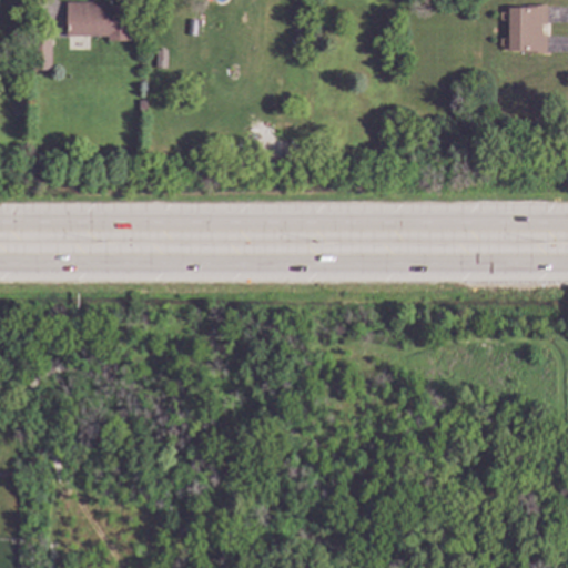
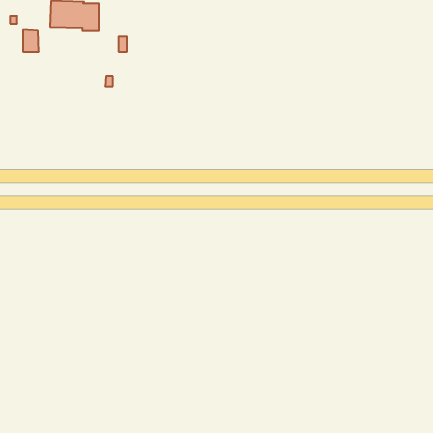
building: [508,4,547,53] -> none

